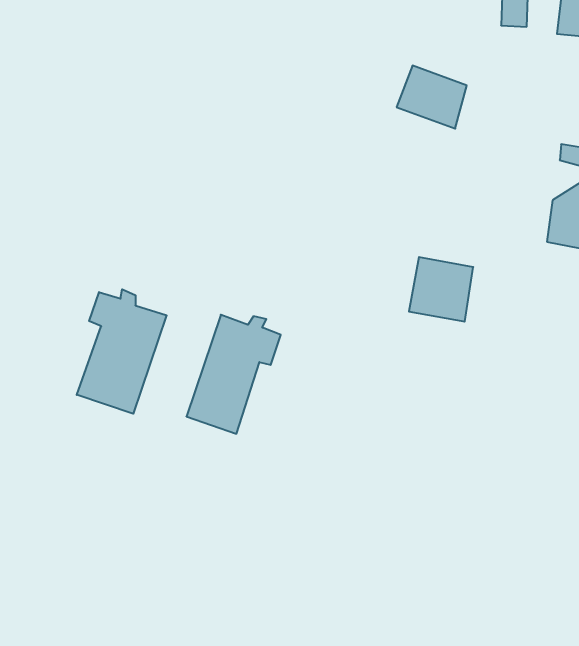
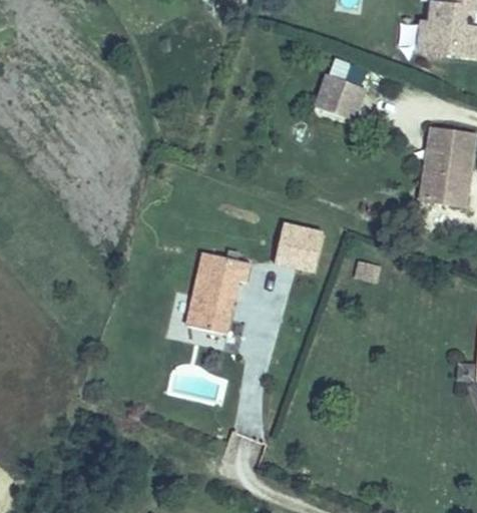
building: [409,257,473,322] -> [278,217,323,263]
building: [77,289,167,414] -> none

